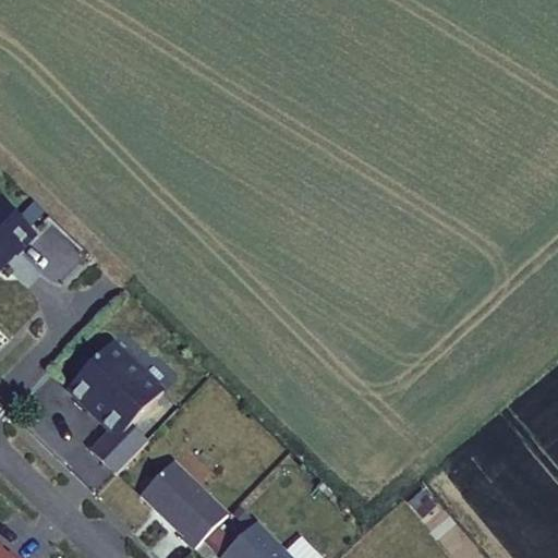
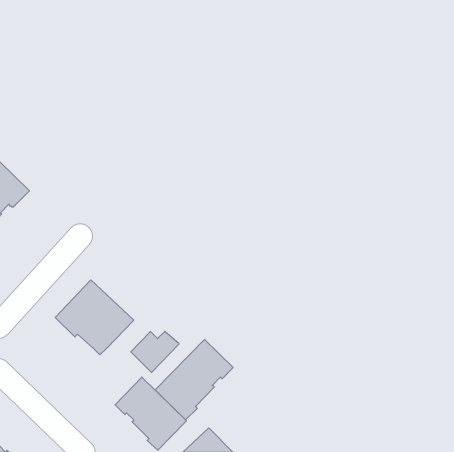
building: none -> [155,339,233,420]
building: [89,425,148,475] -> [131,331,179,372]

